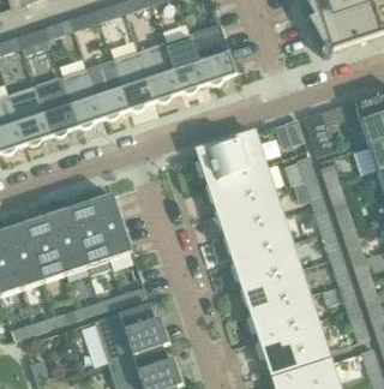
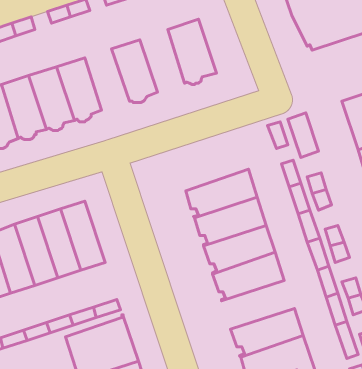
building: [163,32,205,92] -> none
building: [112,50,154,110] -> none
building: [197,132,265,184] -> none
building: [240,268,308,313] -> none

